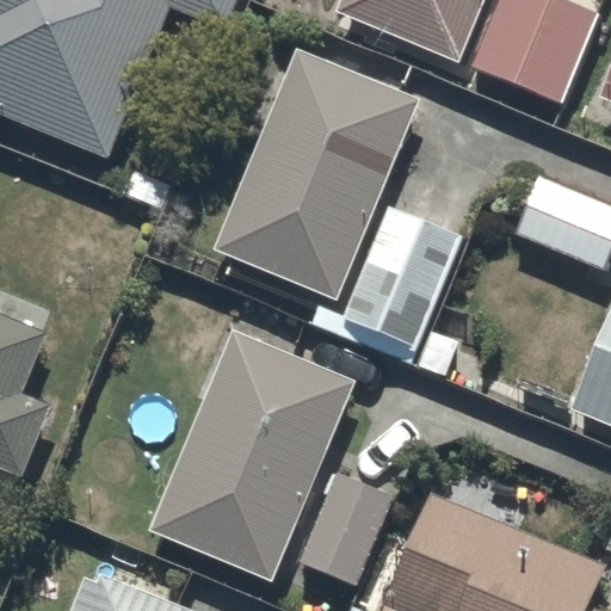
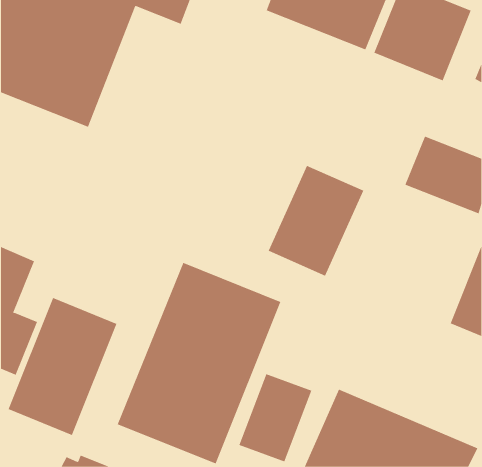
building: [216,53,419,302] -> none
building: none -> [8,297,117,436]

